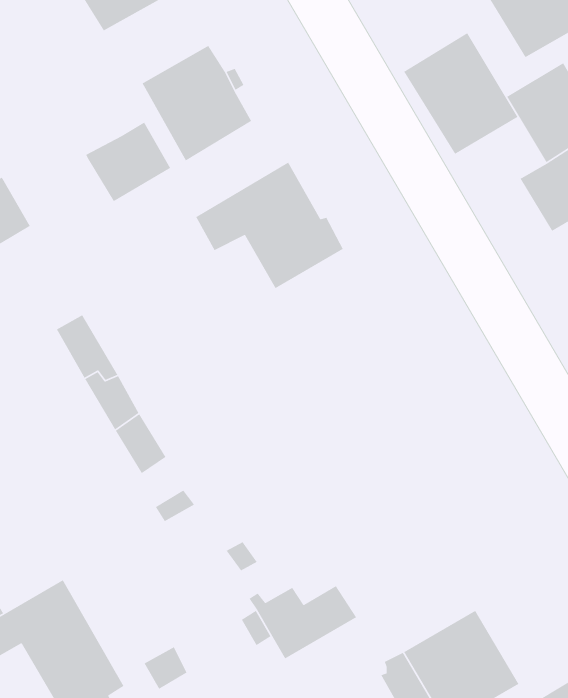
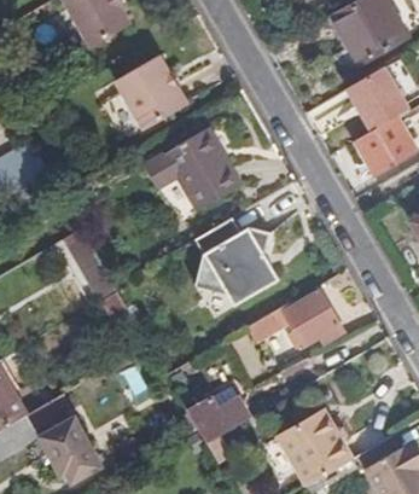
building: [403,32,518,155] -> none
building: [85,121,171,202] -> none
building: none -> [196,219,280,306]
building: none -> [248,291,343,350]

